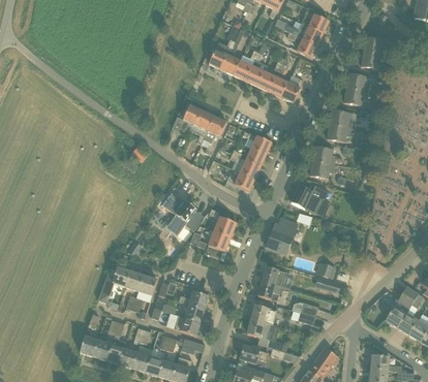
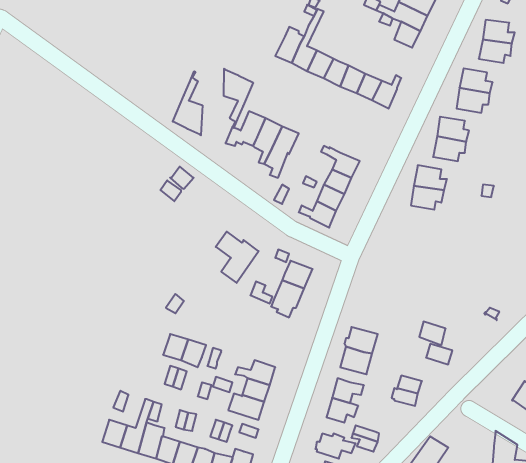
building: none -> [224,69,253,128]
building: none -> [173,71,202,135]
building: [292,185,328,208] -> none
building: [266,216,299,253] -> none
building: [99,265,130,303] -> none

